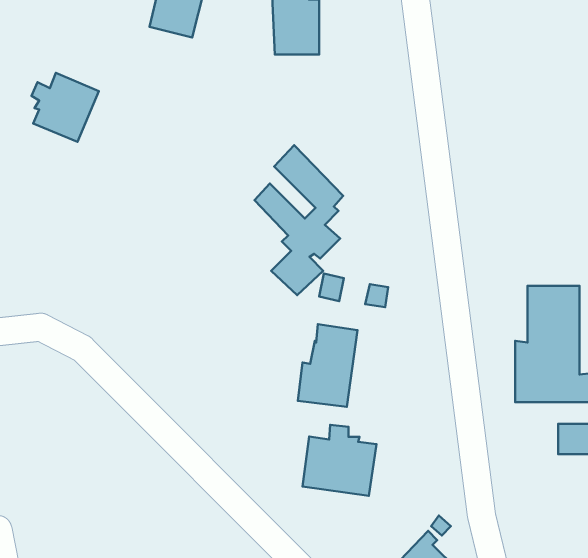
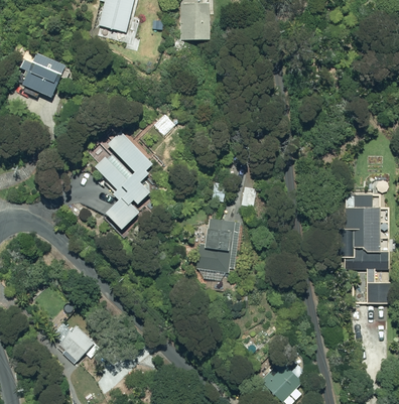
building: [254,145,343,295] -> [95,131,153,230]
building: [303,425,376,496] -> none
building: none -> [59,326,95,364]

